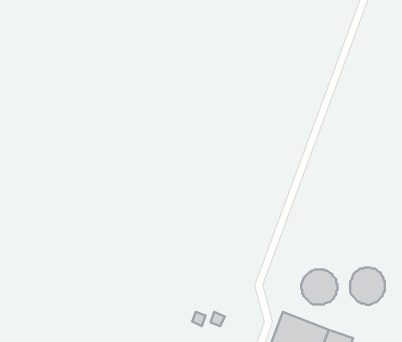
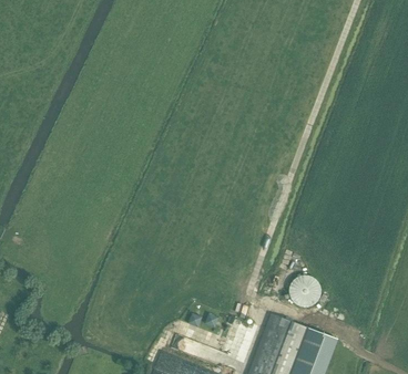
building: [350,267,385,305] -> none

